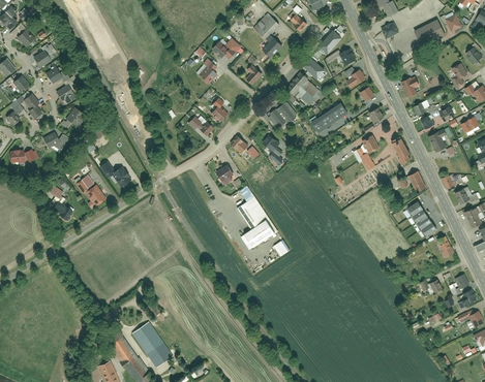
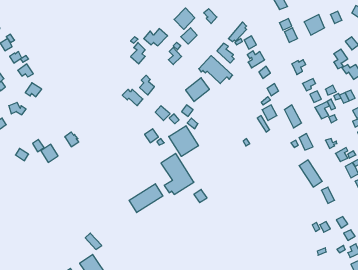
building: [312,104,352,134] -> none
building: none -> [169,126,198,156]
building: none -> [129,184,163,213]

